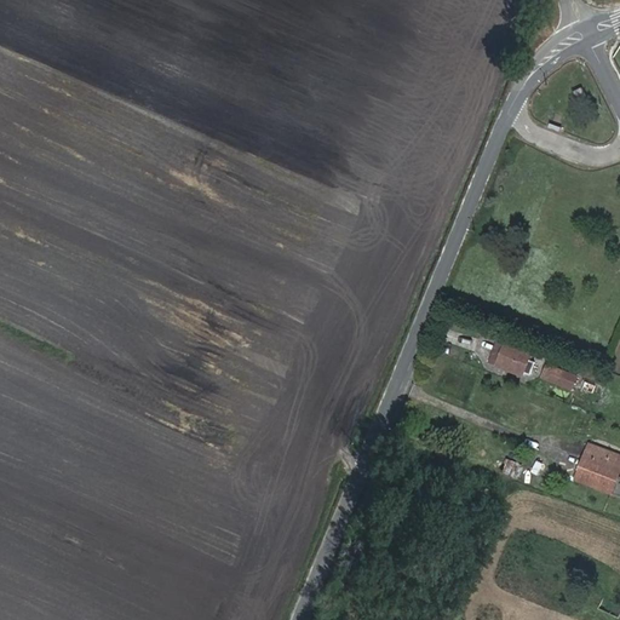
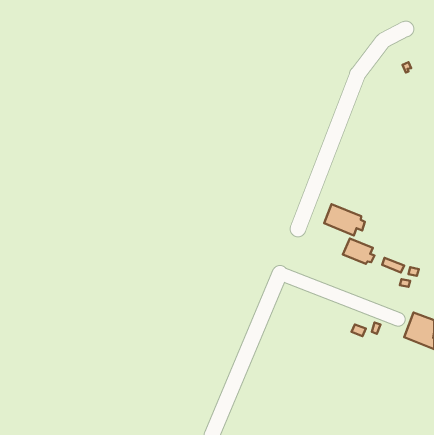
building: none -> [324,204,365,235]

